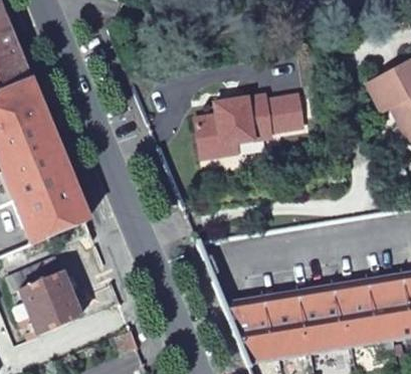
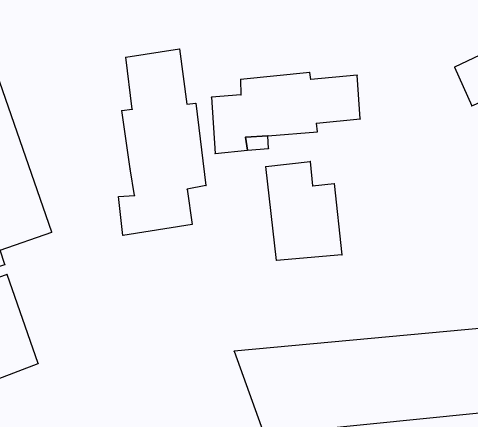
building: none -> [119,49,206,235]
building: none -> [266,161,342,260]

